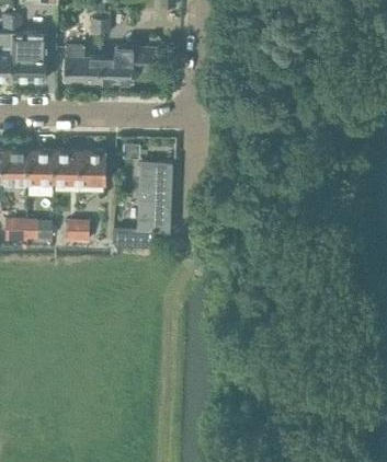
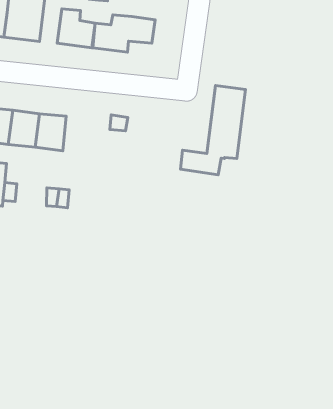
building: [79,150,105,184] -> none
building: [115,162,171,249] -> [181,86,246,175]

